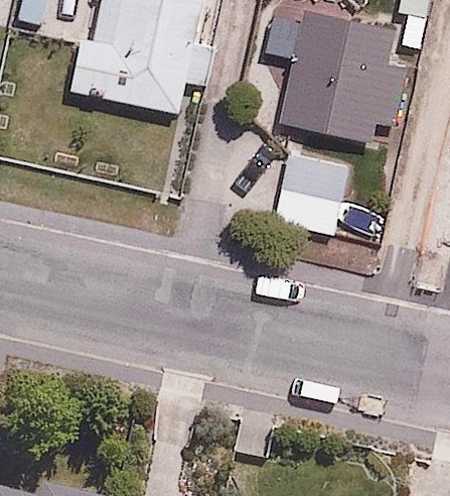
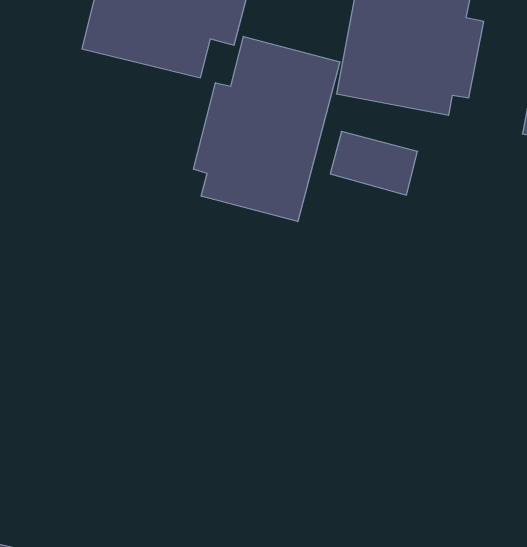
building: none -> [193,36,340,222]

